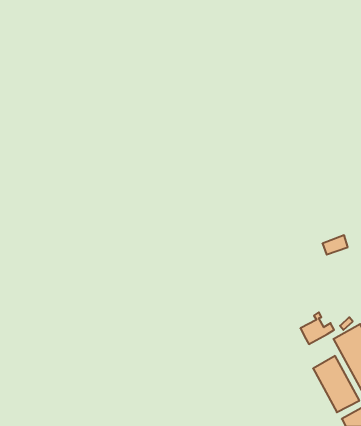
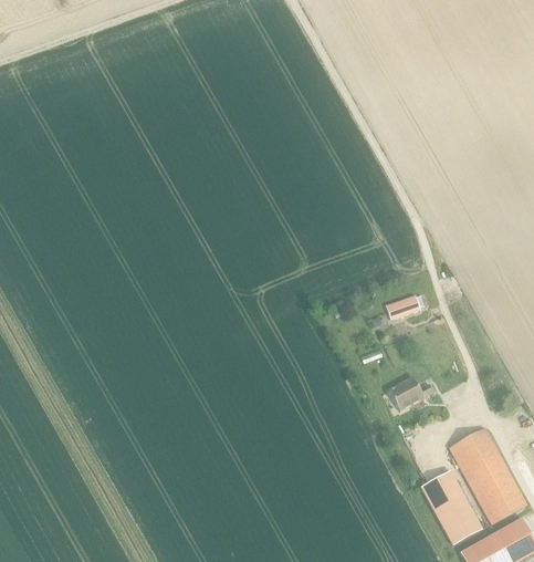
building: [322,235,348,255] -> [386,294,419,320]
building: [300,312,334,344] -> [388,368,432,410]

